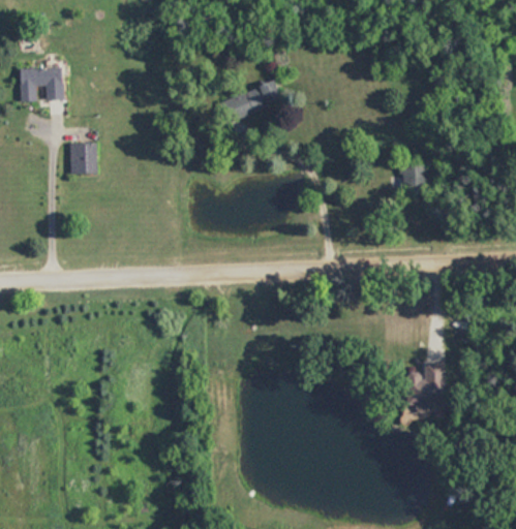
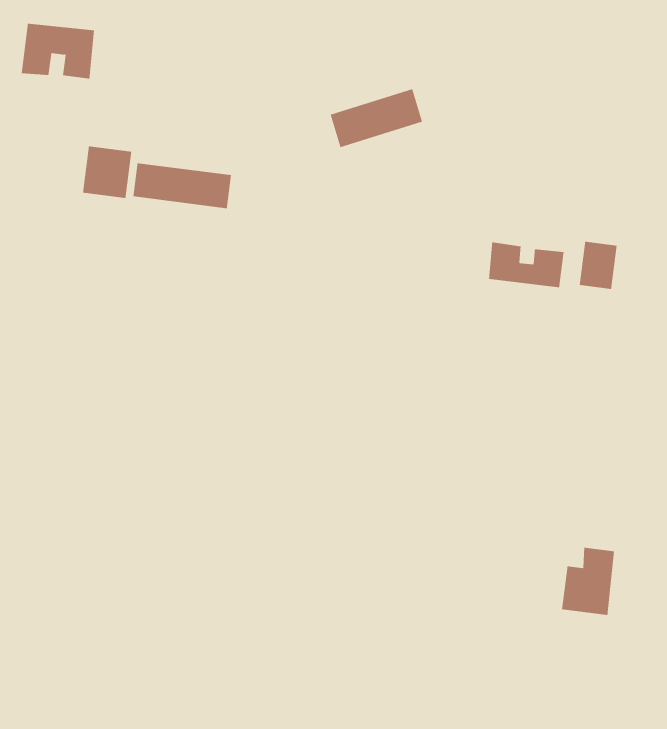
building: none -> [133,163,231,209]
building: none -> [489,242,564,288]

